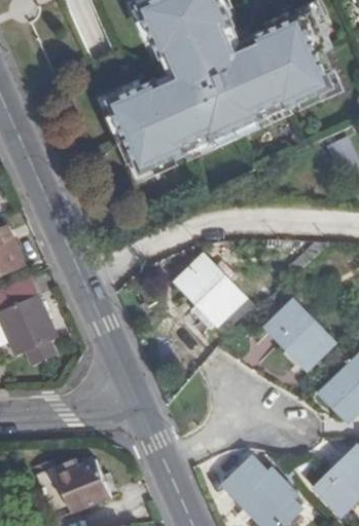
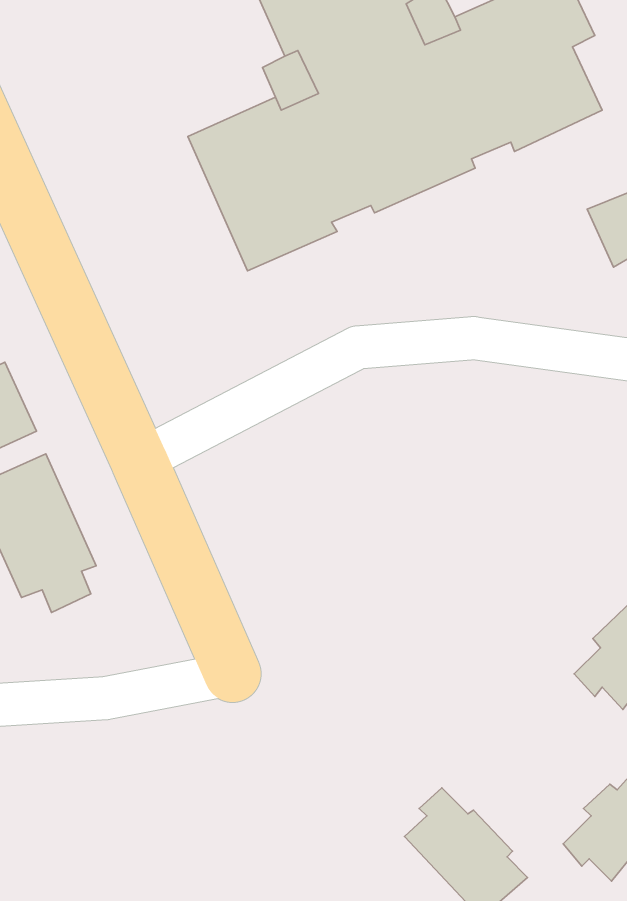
building: [181,257,242,323] -> none
building: [265,302,328,368] -> none
building: [56,457,109,511] -> none

